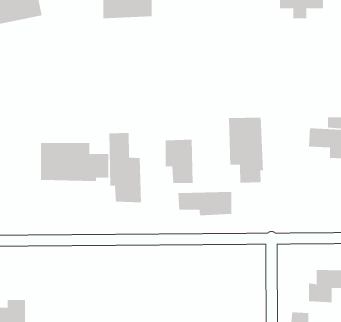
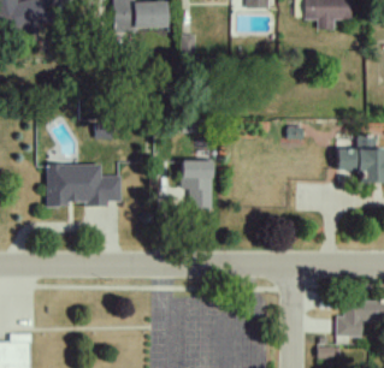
building: [229,117,264,183] -> none
building: [109,132,141,203] -> none
building: [178,191,232,216] -> none

